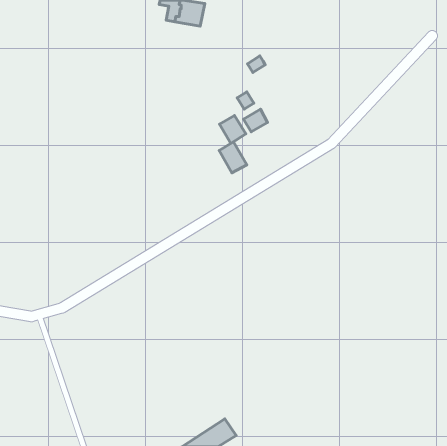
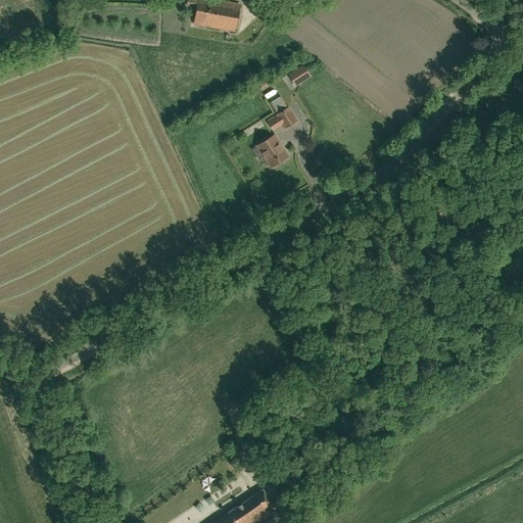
building: [244,109,268,132] -> none
building: [219,142,247,173] -> none

